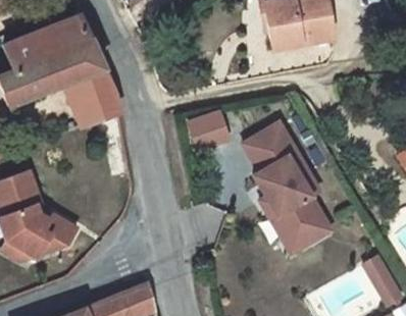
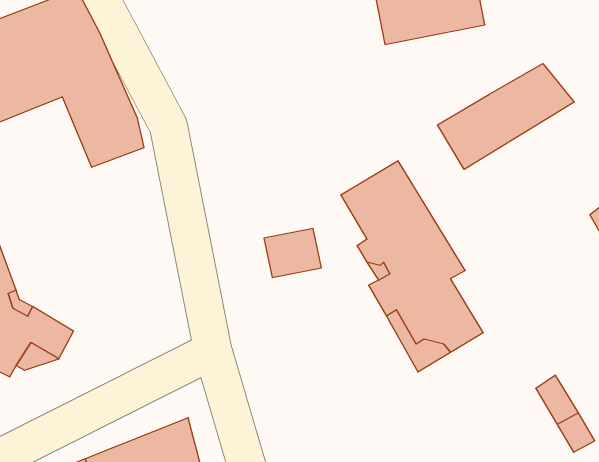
building: none -> [438,64,574,169]
building: [191,114,226,145] -> [264,228,321,278]

